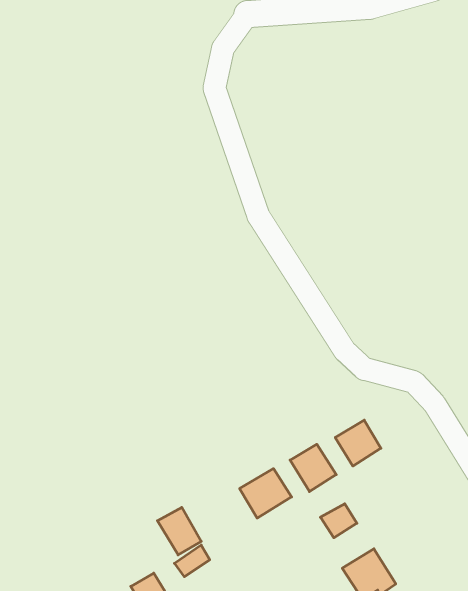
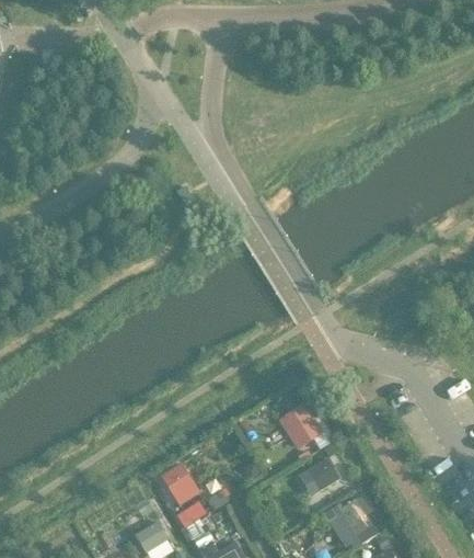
building: [335,420,381,466] -> none
building: [240,469,292,518] -> none

